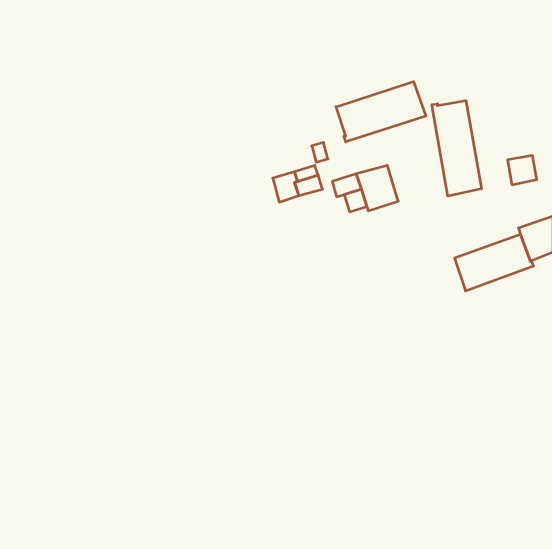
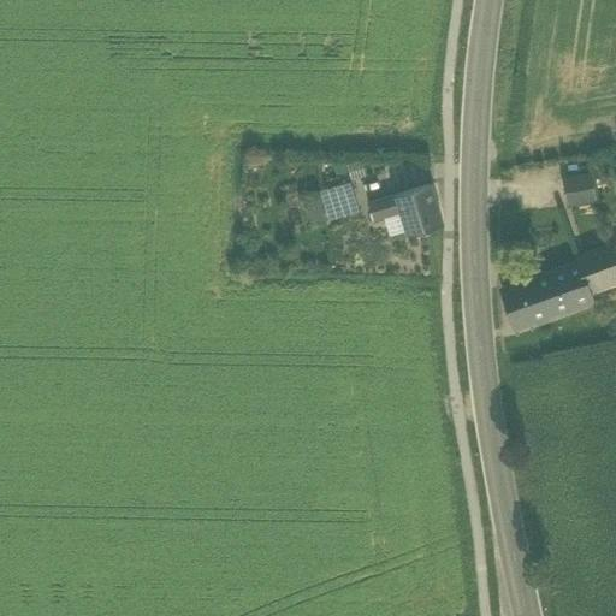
building: [336,82,426,142] -> none
building: [432,101,481,196] -> none

